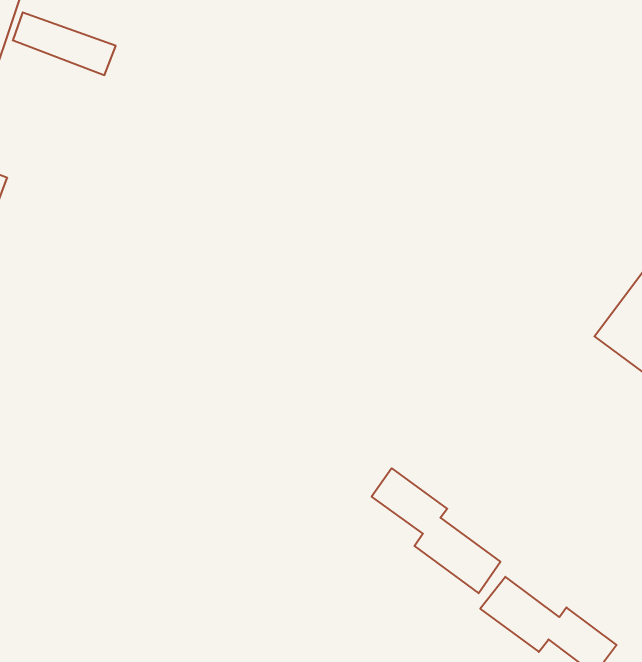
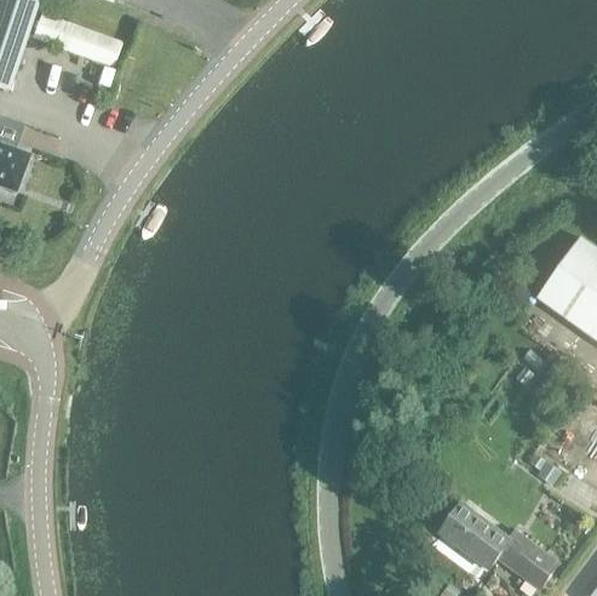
building: [372,468,500,593] -> none

